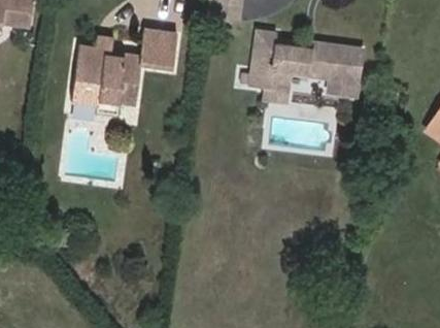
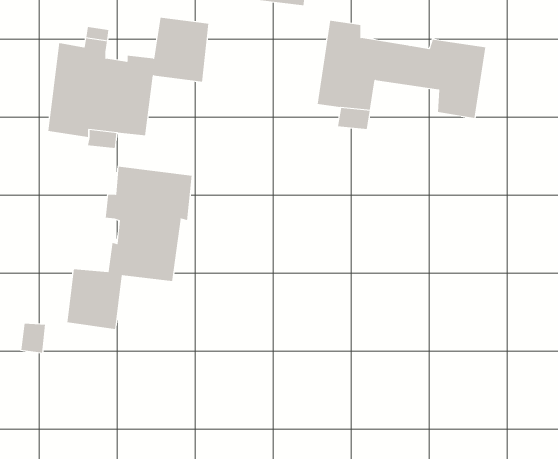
building: none -> [67,166,192,330]

